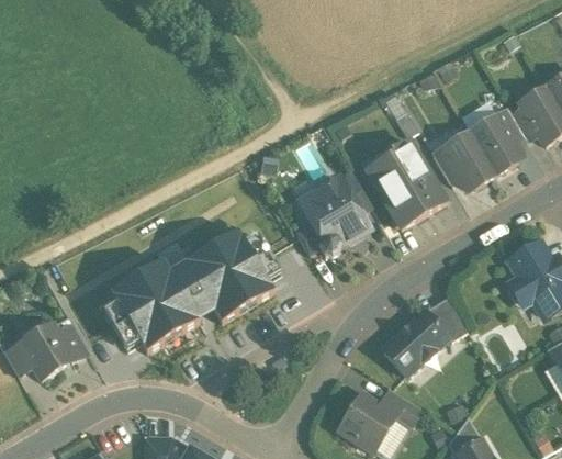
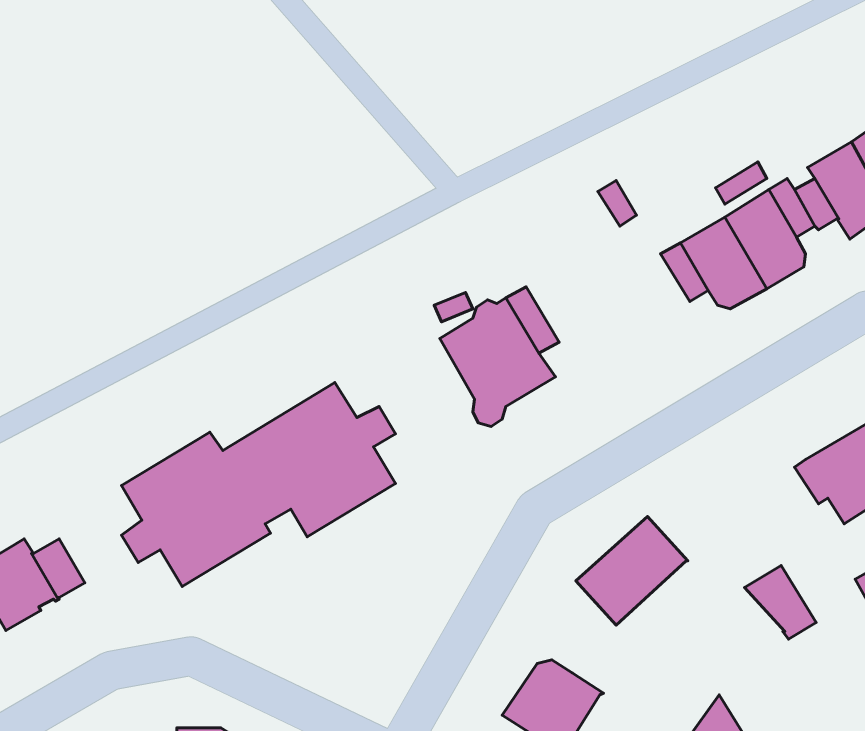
building: [367,142,446,228] -> none
building: [509,242,550,277] -> none
building: [425,298,468,342] -> [744,566,816,639]
building: [380,389,423,427] -> none

